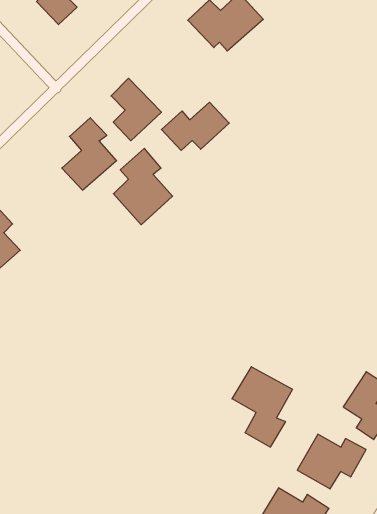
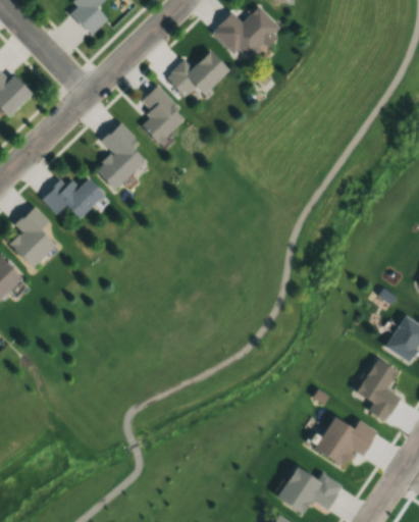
building: [161,102,229,150] -> [166,51,229,96]
building: [113,148,173,225] -> none
building: none -> [42,177,104,218]
building: [232,367,292,447] -> none

